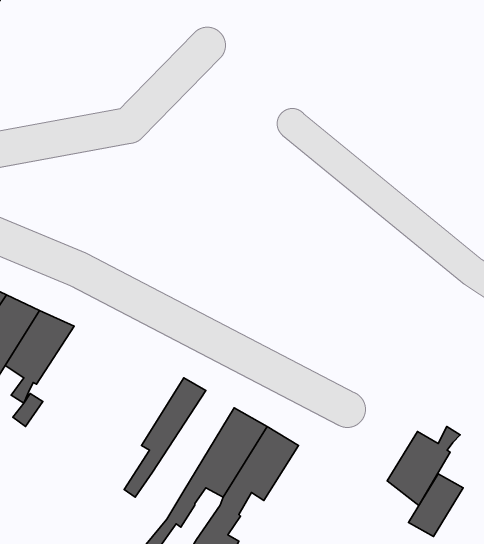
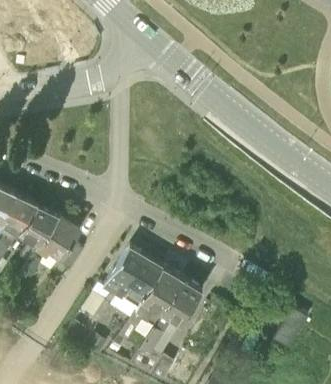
building: none -> [34,214,82,269]
building: none -> [108,255,160,319]
building: [387,426,460,505] -> none

